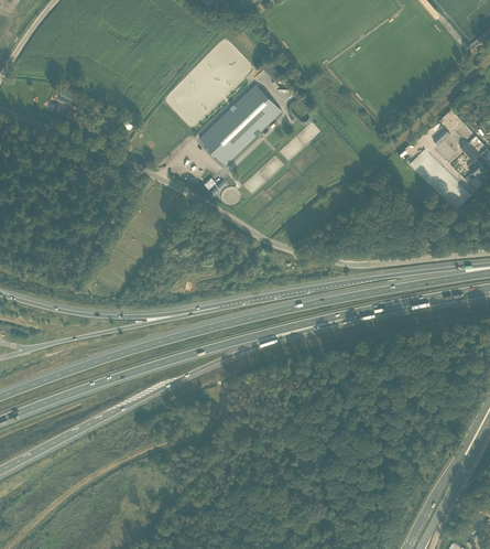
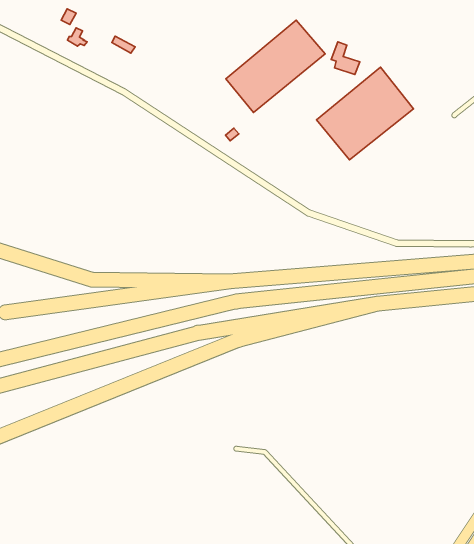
building: none -> [317,67,414,160]

